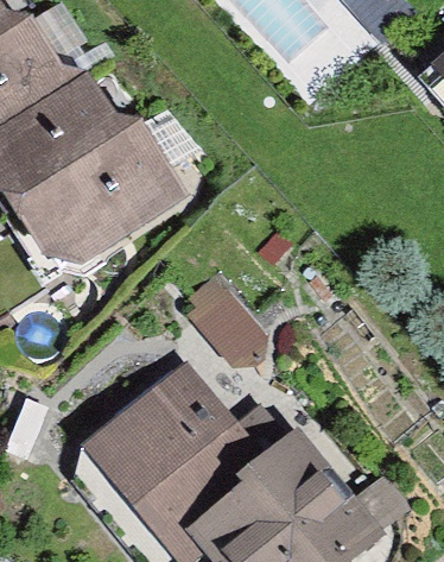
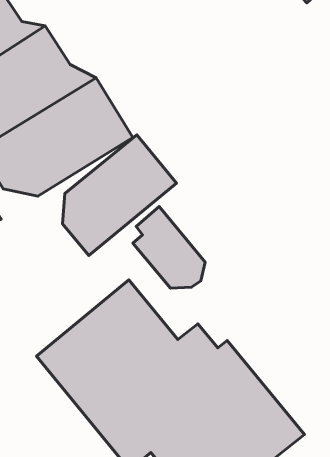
building: none -> [62,135,176,256]

